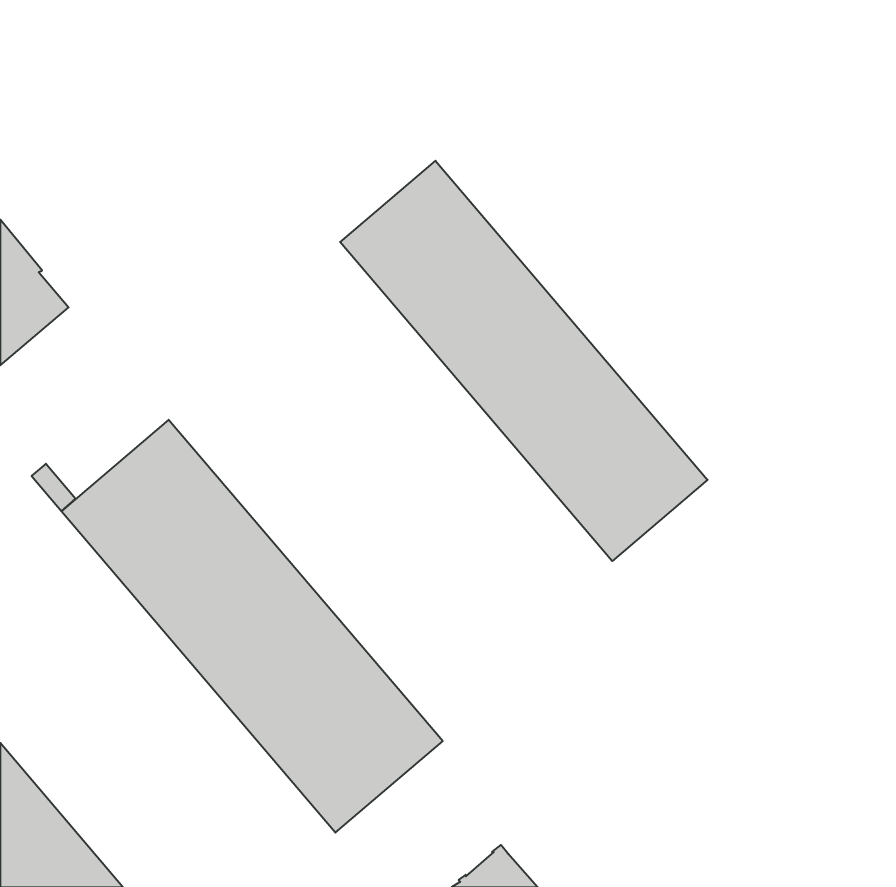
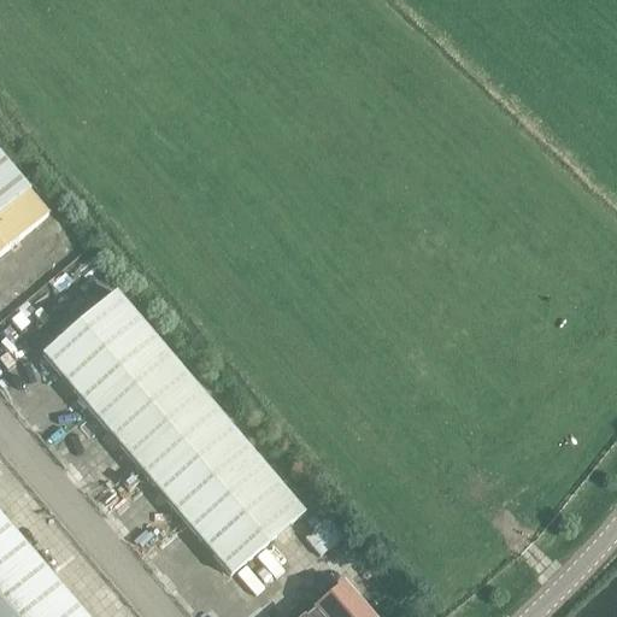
building: [340,161,708,561] -> none

